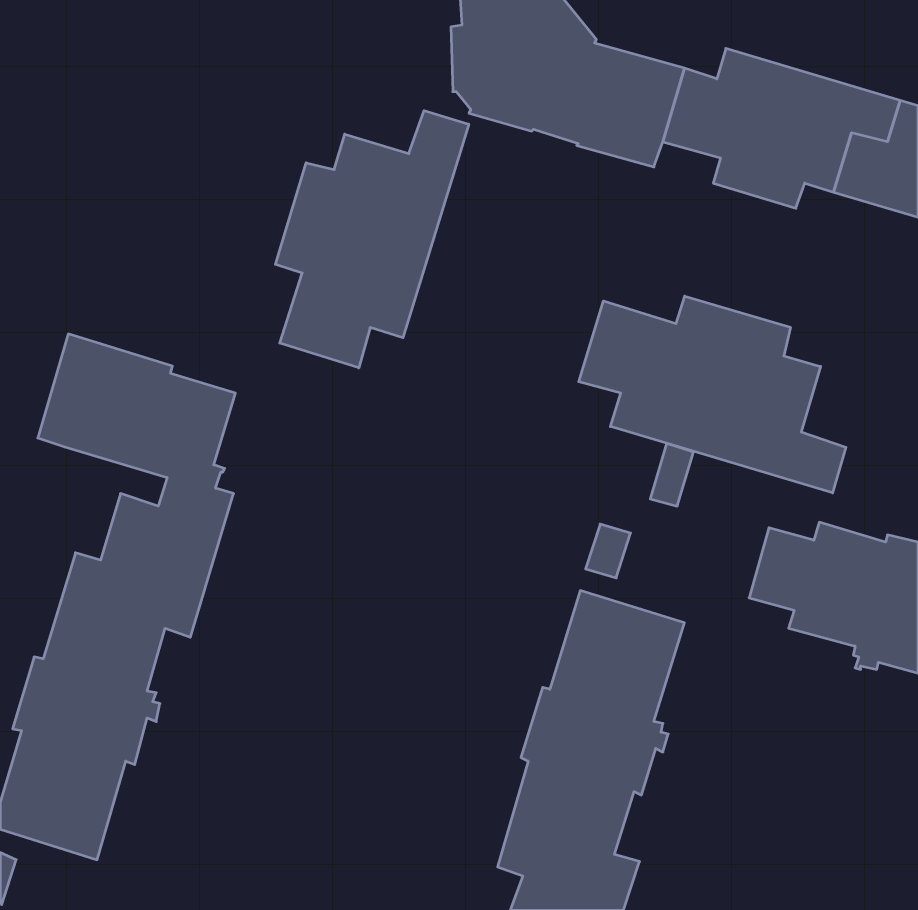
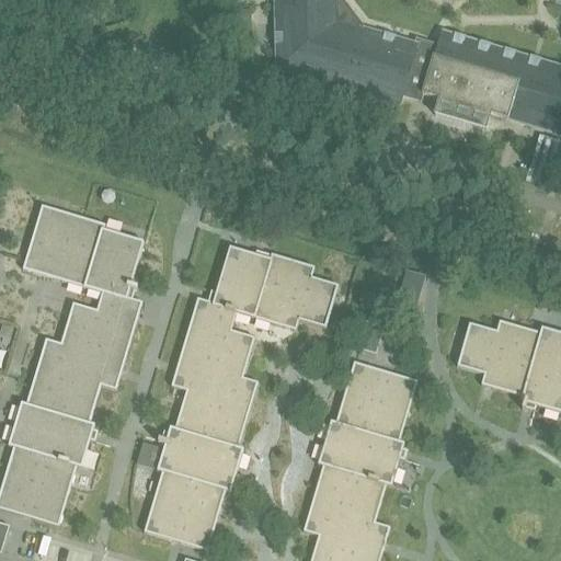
building: [275,111,469,368] -> none
building: [579,296,846,493] -> none
building: none -> [144,245,339,549]

